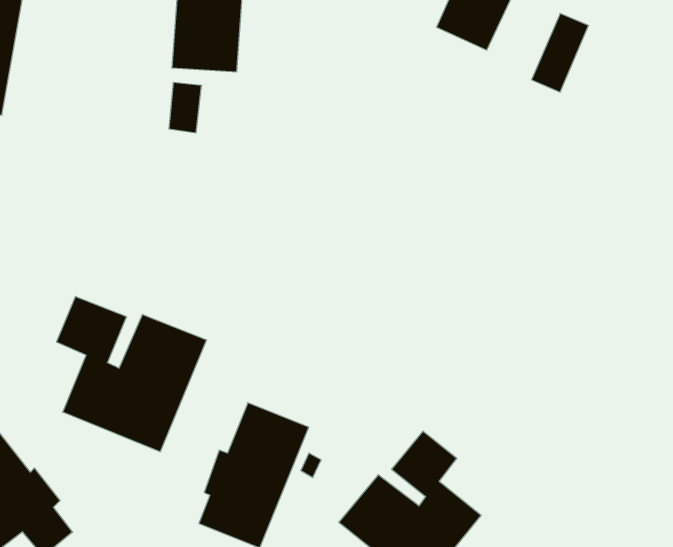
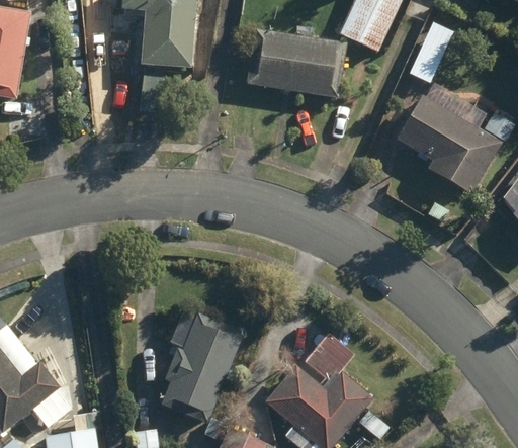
building: none -> [246,30,346,98]
building: none -> [398,97,502,194]
building: [57,296,206,452] -> none

